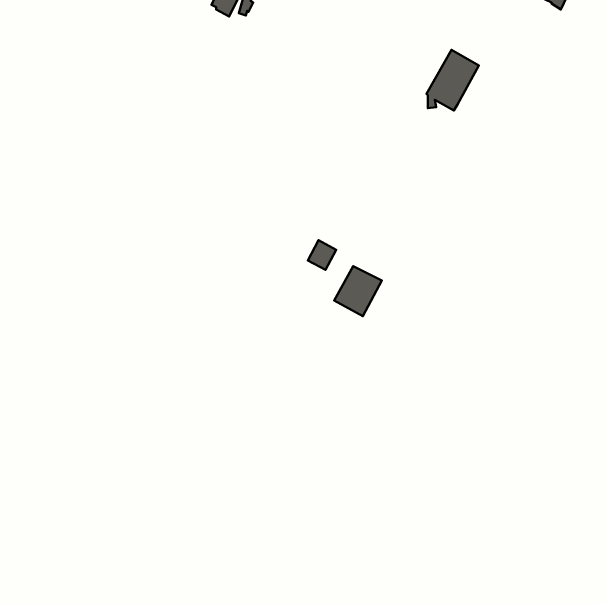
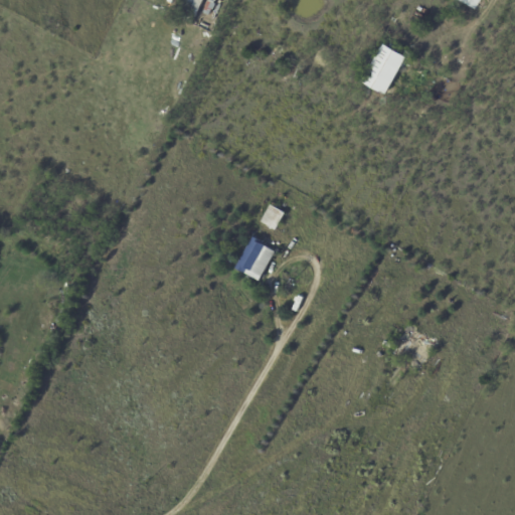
building: [334,266,382,316] -> [235,236,276,279]

